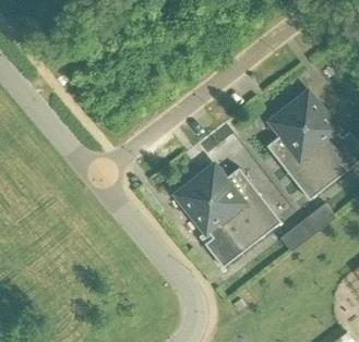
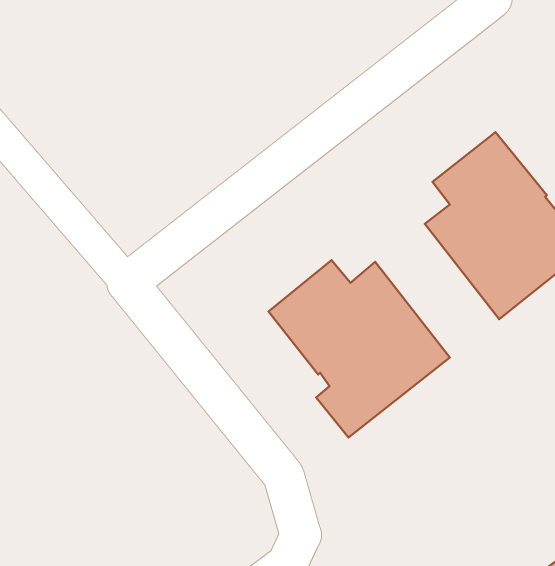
building: [279,205,335,254] -> none

